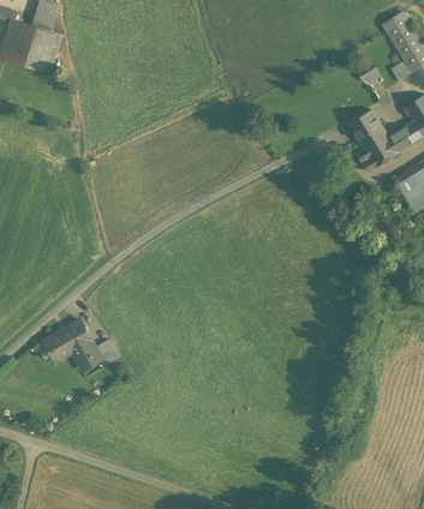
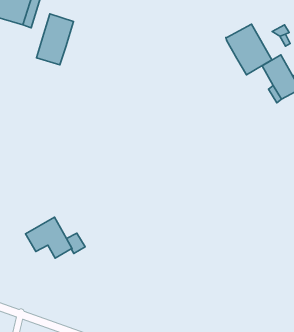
building: none -> [36,14,74,65]
building: none -> [226,24,272,75]

